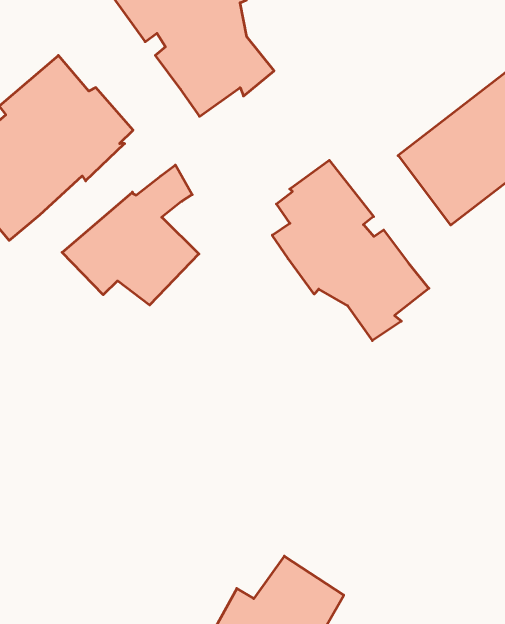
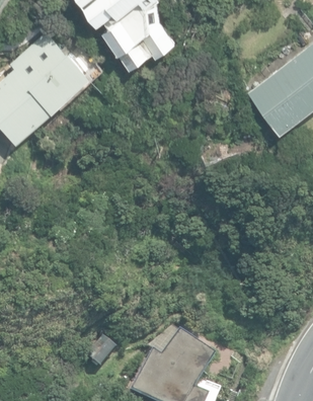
building: [272,160,429,341] -> none
building: [62,165,199,305] -> none

